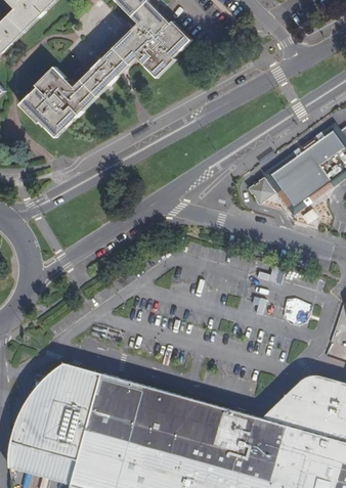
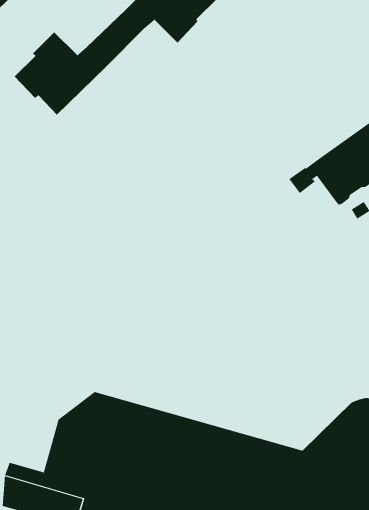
building: [14,363,86,437] -> none

